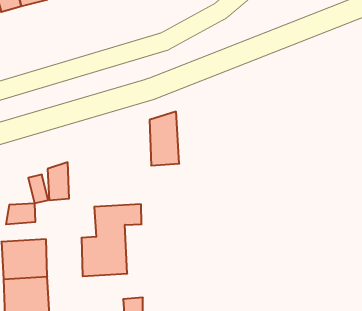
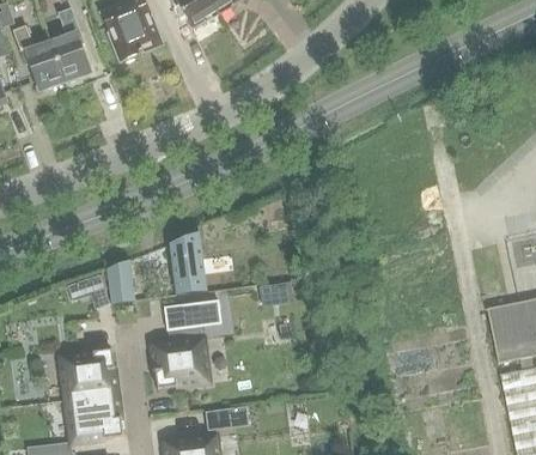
building: [150,112,179,165] -> [169,230,207,295]
building: [6,203,35,224] -> none

